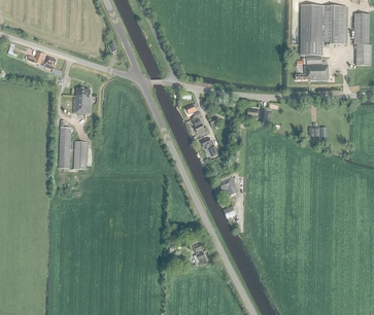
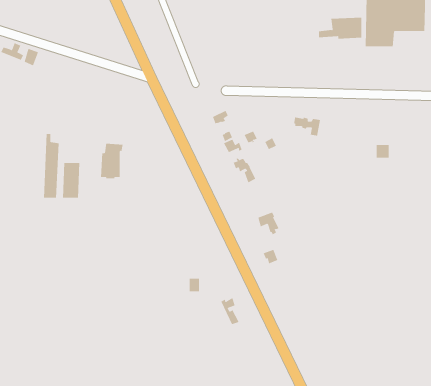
building: [295,64,328,80] -> [318,17,362,39]
building: [73,86,91,113] -> [100,143,123,179]

